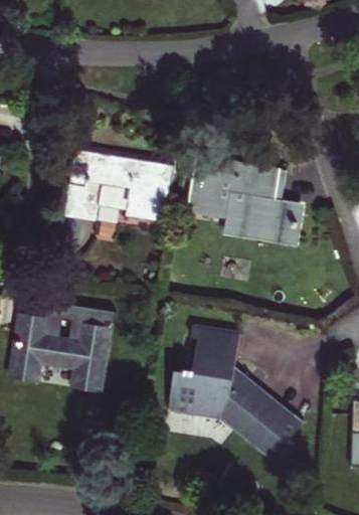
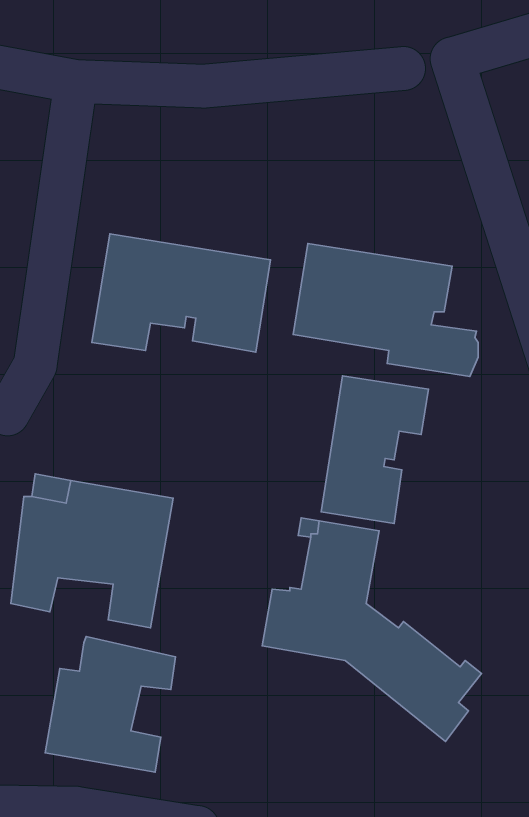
building: none -> [321,376,429,524]
building: none -> [45,637,175,772]

